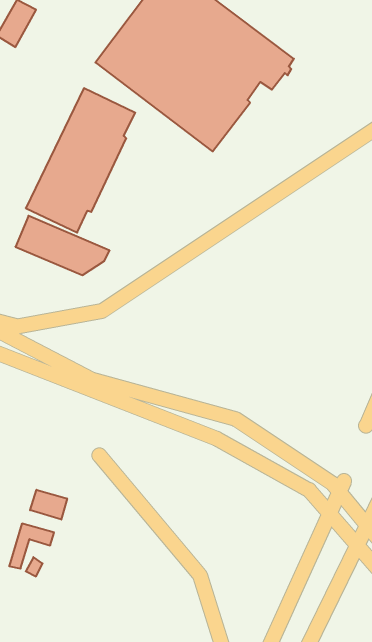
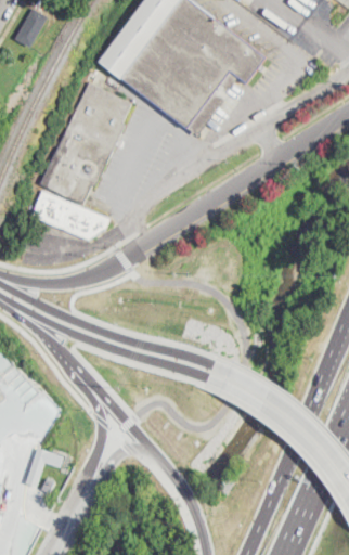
building: [30,490,67,520] -> none

